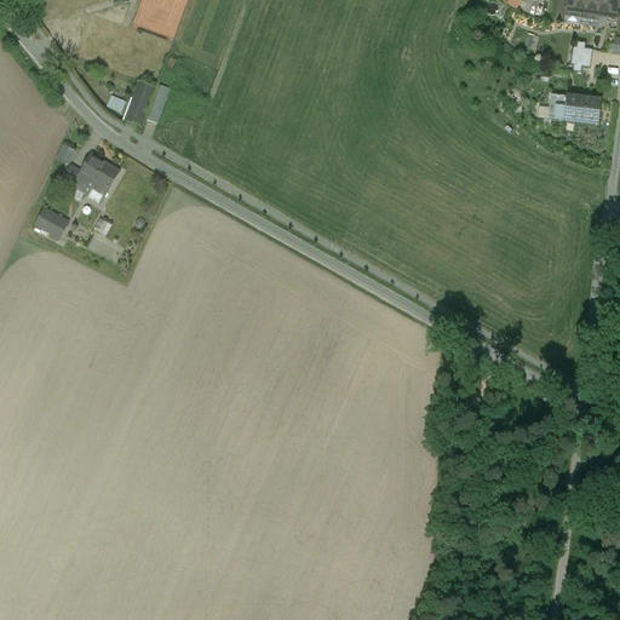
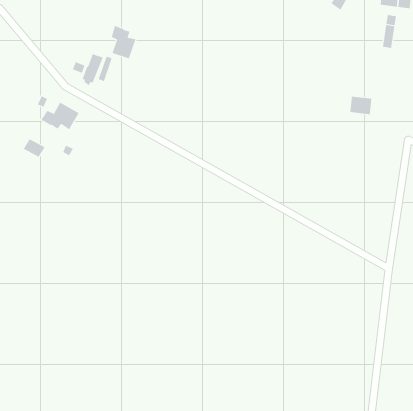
building: none -> [111,25,136,59]
building: [566,94,599,122] -> [349,96,372,115]

